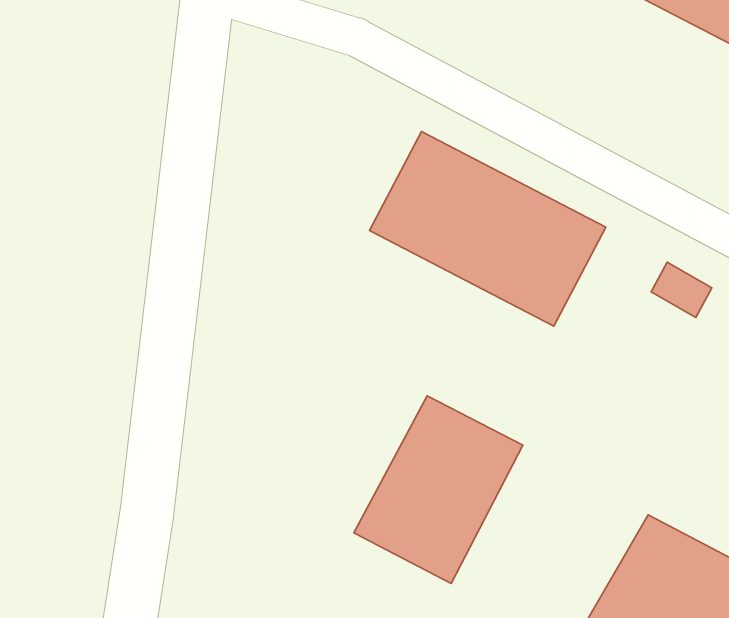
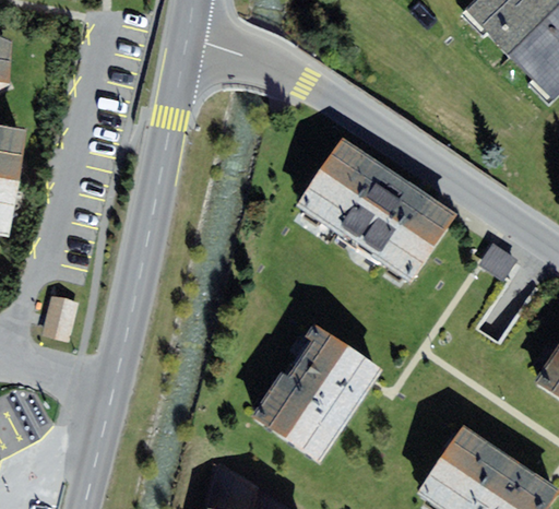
building: none -> [44,292,80,336]

